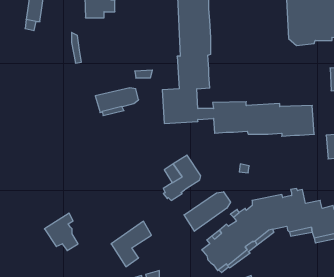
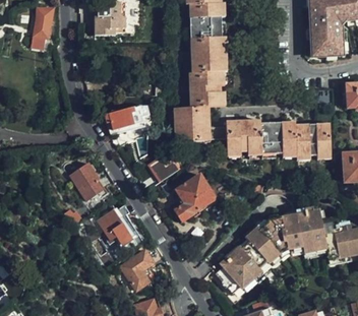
building: none -> [150,159,179,182]
building: none -> [70,164,104,199]
building: [184,192,231,231] -> none
building: [44,213,78,251] -> [99,204,133,243]

